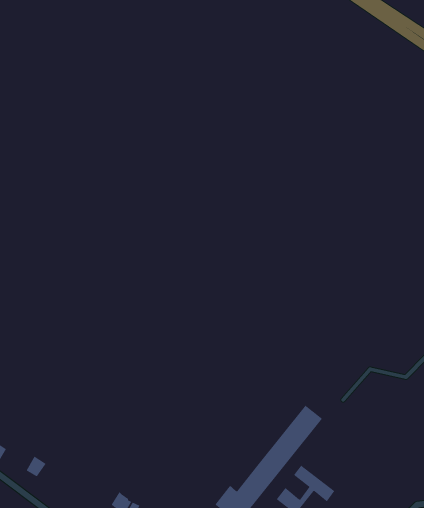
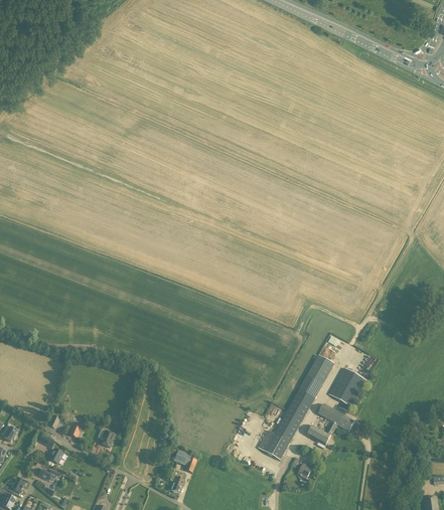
building: none -> [327,366,365,411]

